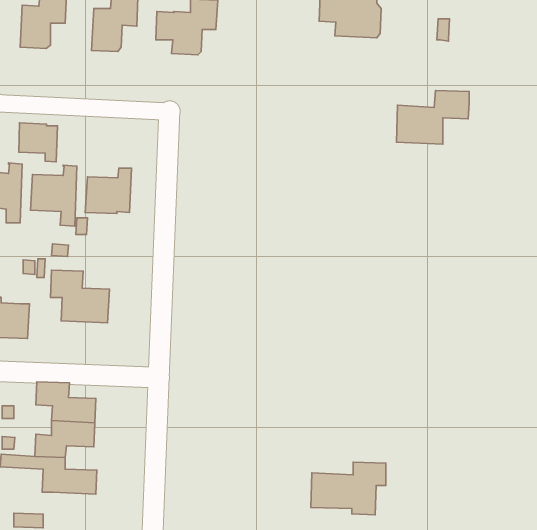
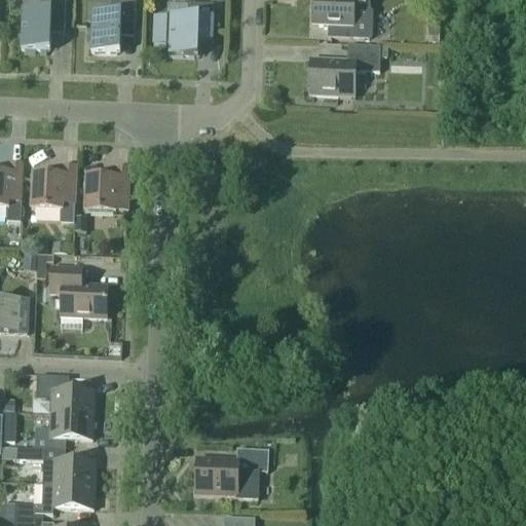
building: [396,91,469,144] -> [308,41,379,93]
building: [19,123,57,162] -> none
building: [311,462,386,515] -> [194,446,267,497]
building: none -> [50,481,93,506]

